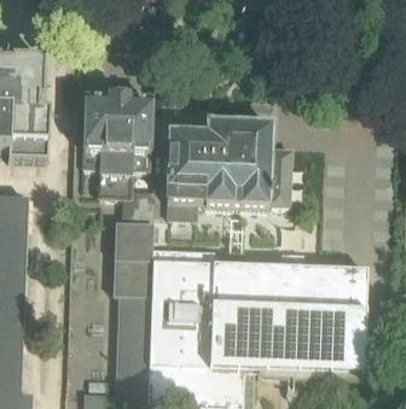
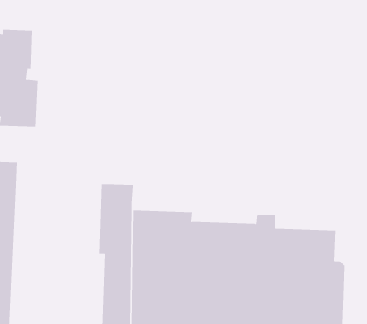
building: [82,95,152,222] -> none
building: [166,123,291,216] -> none

